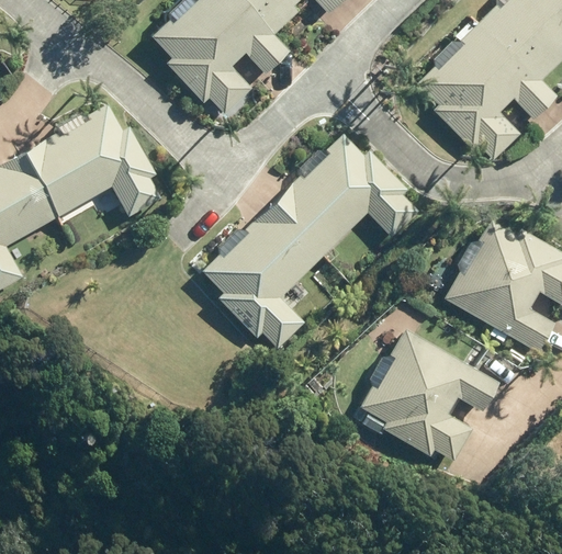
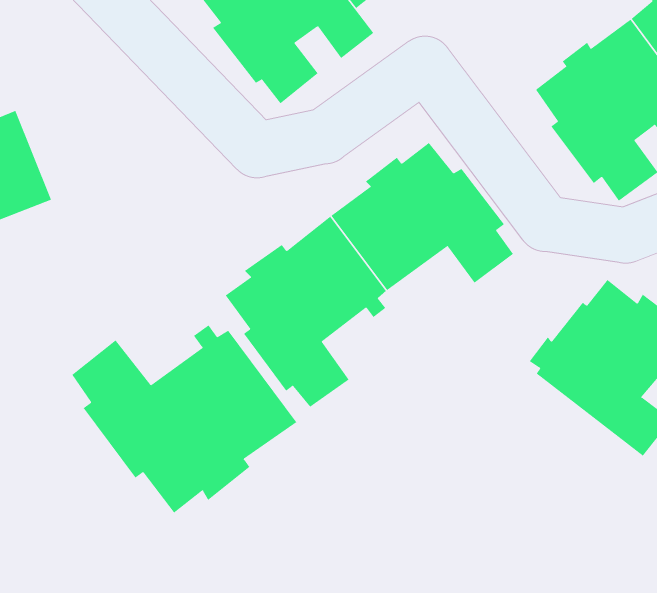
building: [24,105,160,216] -> none
building: none -> [72,324,297,513]
building: [361,330,499,462] -> none

